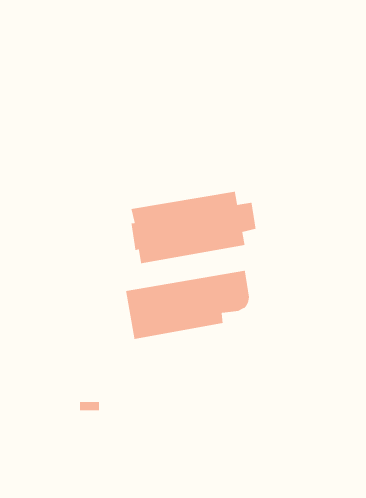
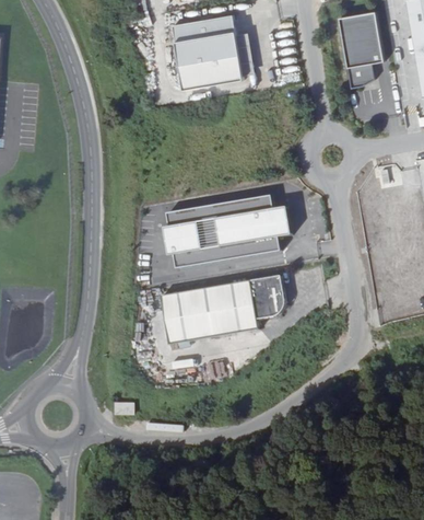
building: none -> [338,12,384,89]
building: none -> [170,14,240,88]

